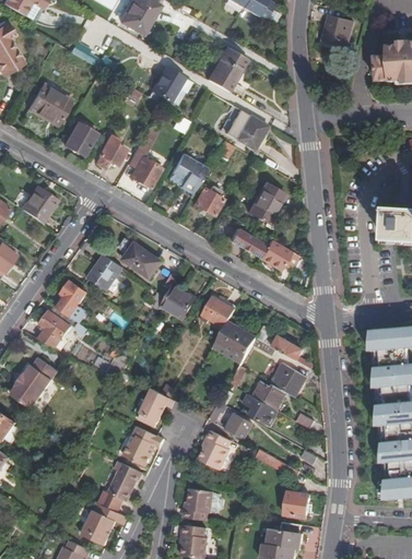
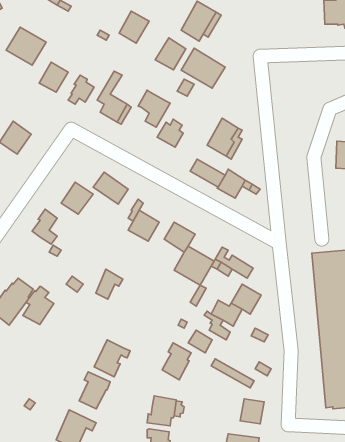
building: none -> [155,38,186,70]
building: [35,306,69,347] -> [23,286,54,324]
building: [142,388,172,420] -> [96,269,123,299]

